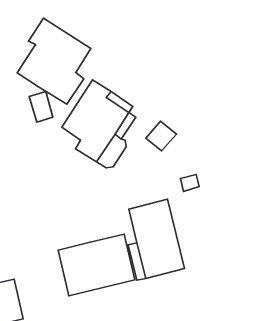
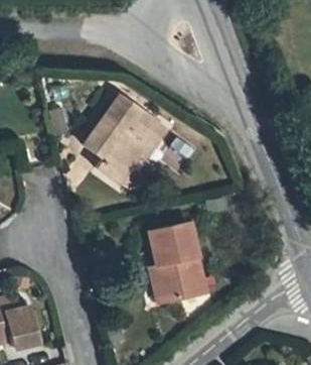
building: [17,18,91,104] -> none
building: [58,234,135,296] -> none

